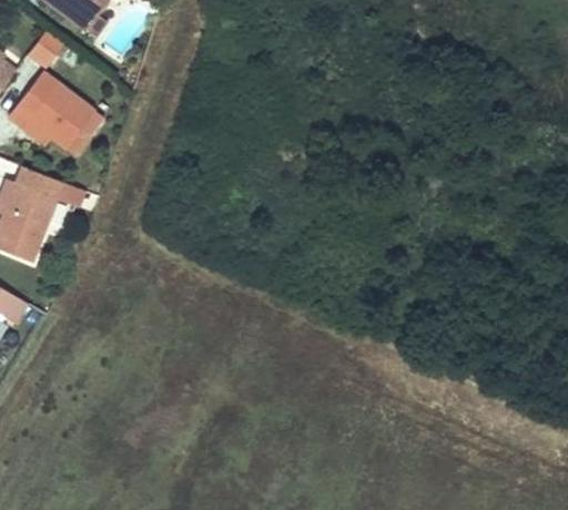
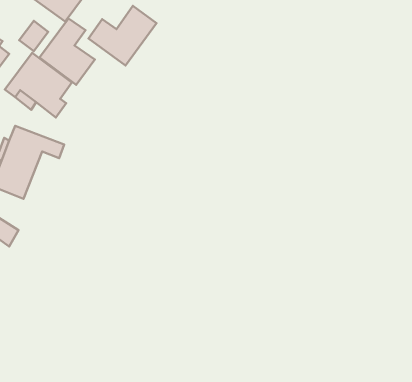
building: none -> [89,6,156,66]
building: none -> [40,18,95,85]

